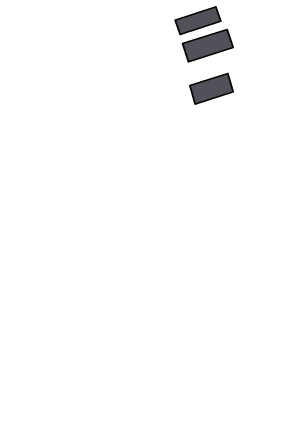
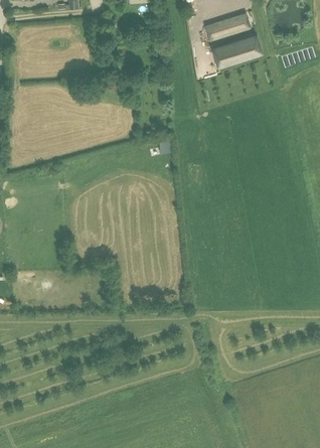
building: [190,73,233,104] -> none

